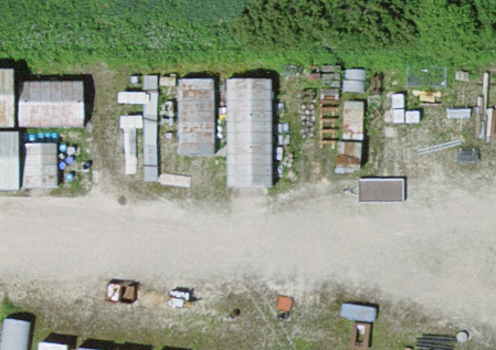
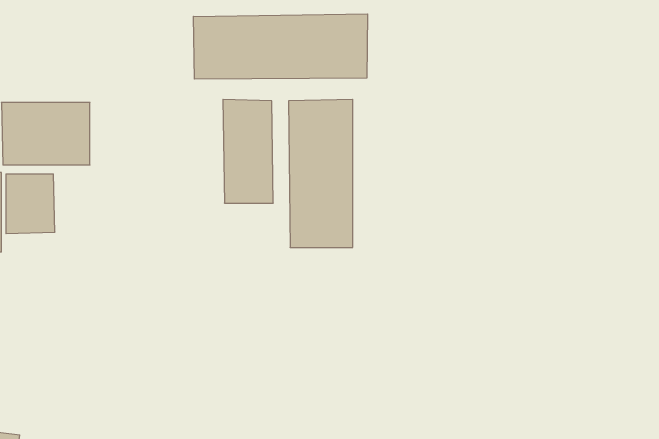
building: none -> [193,14,368,79]

